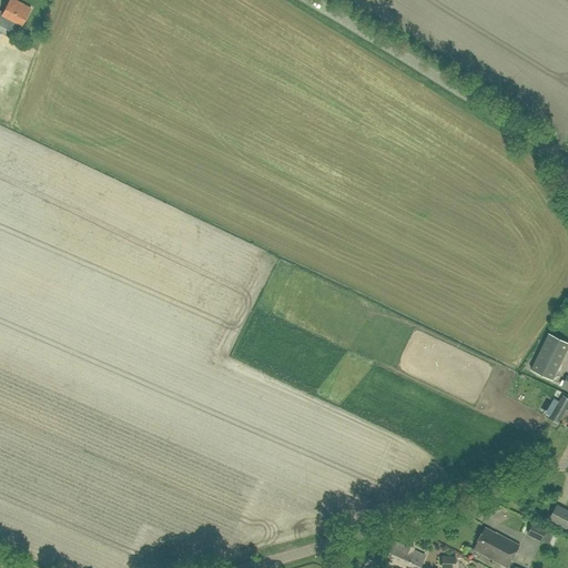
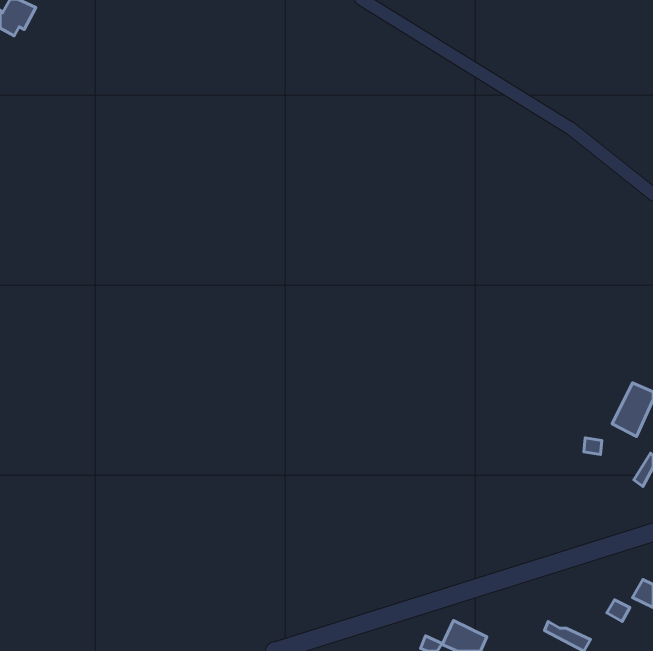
building: [476,526,519,556] -> none

